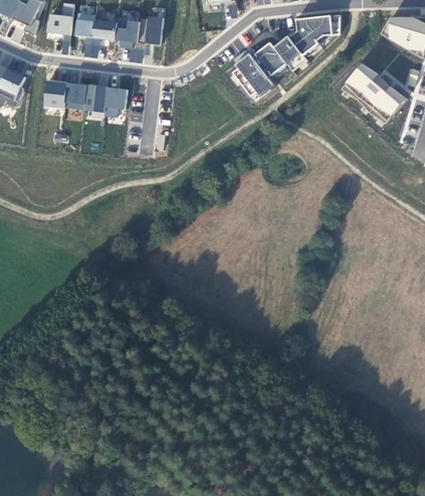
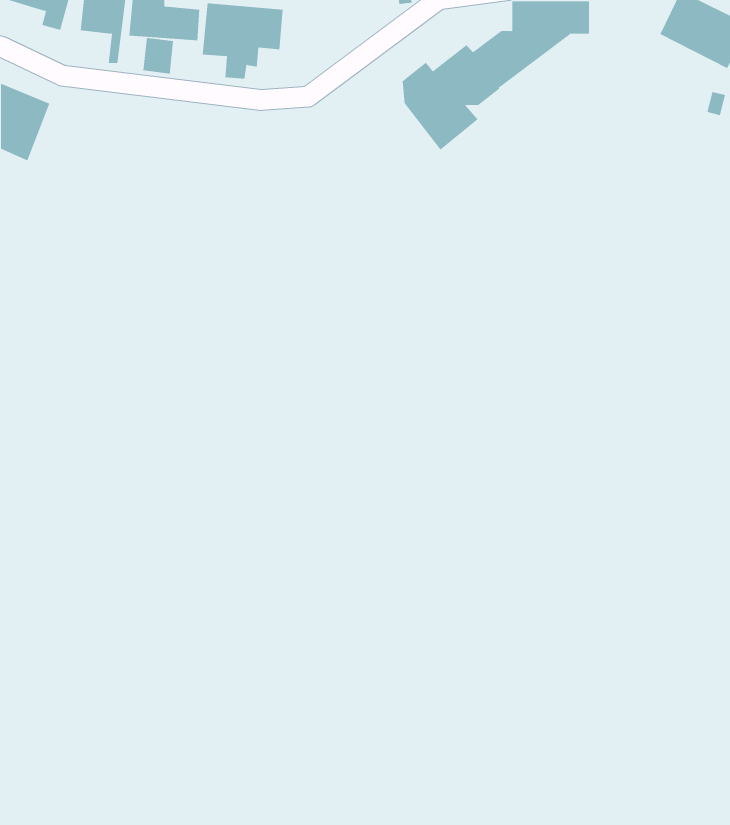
building: [341,61,406,122] -> none
building: [42,80,128,118] -> none

